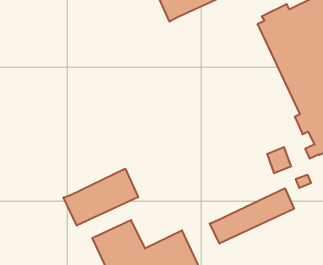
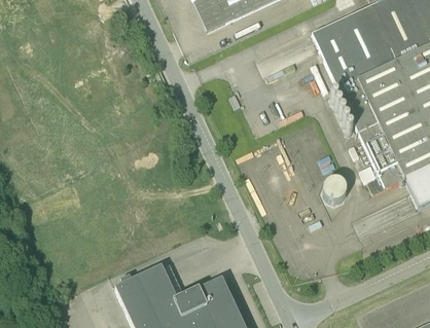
building: [63,169,138,226] -> none
building: [210,188,294,244] -> none

